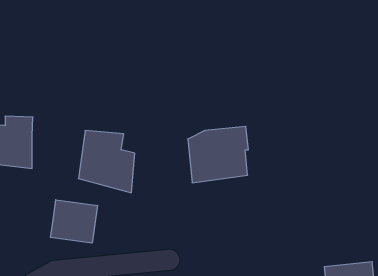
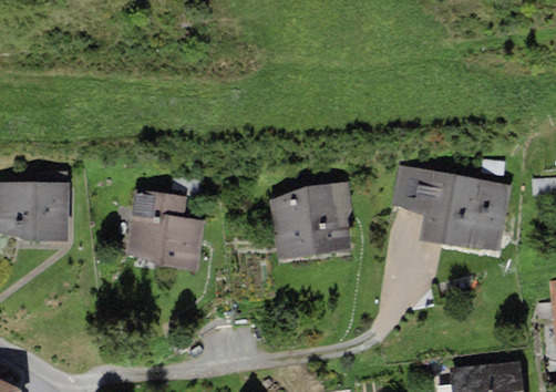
building: none -> [395,167,508,254]
building: [50,200,97,243] -> none

